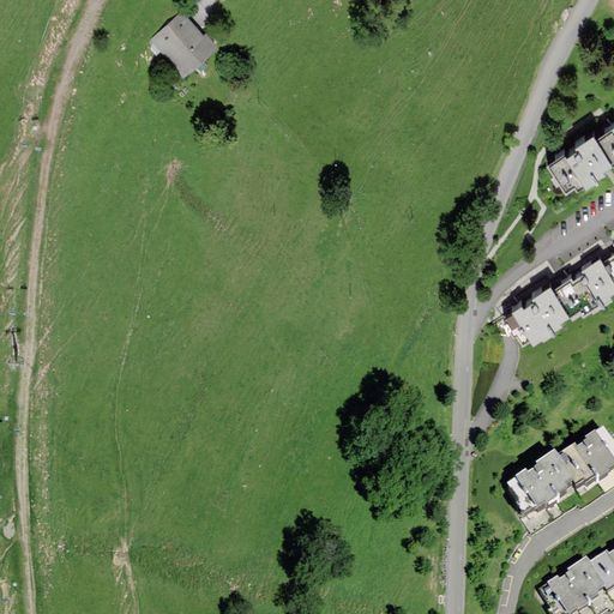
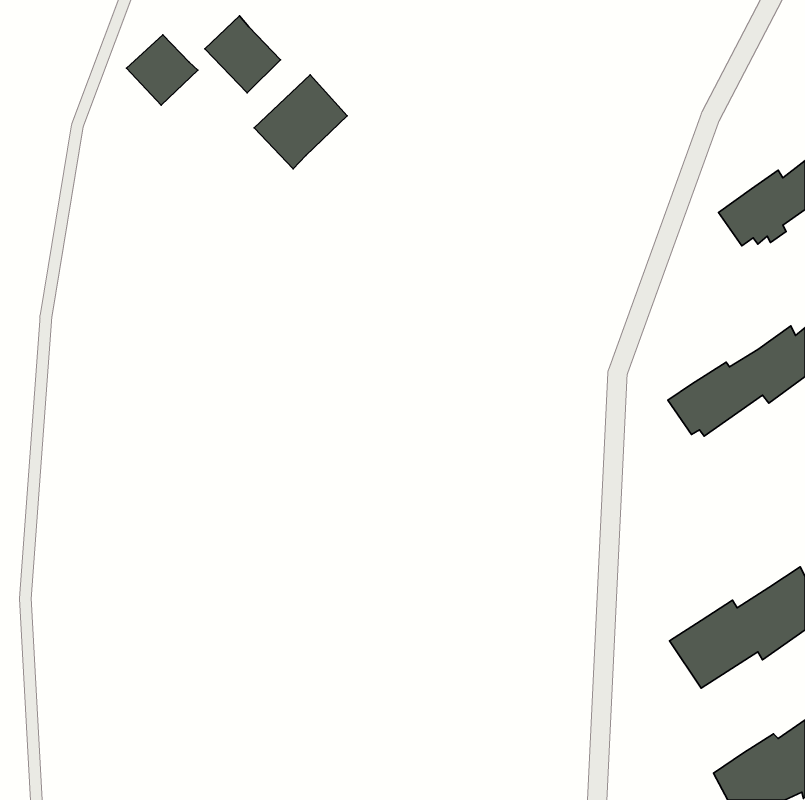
building: none -> [126,35,198,105]
building: none -> [254,75,347,169]

